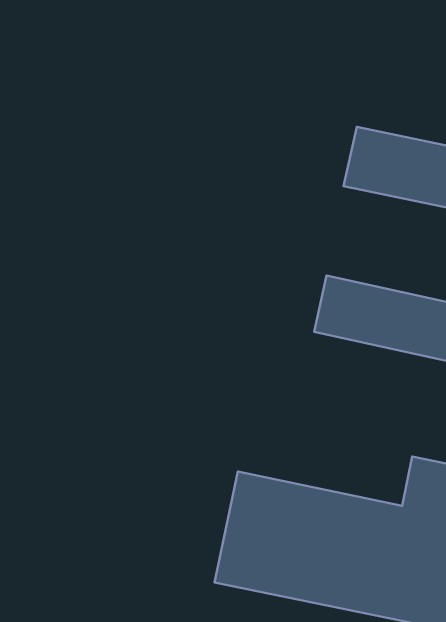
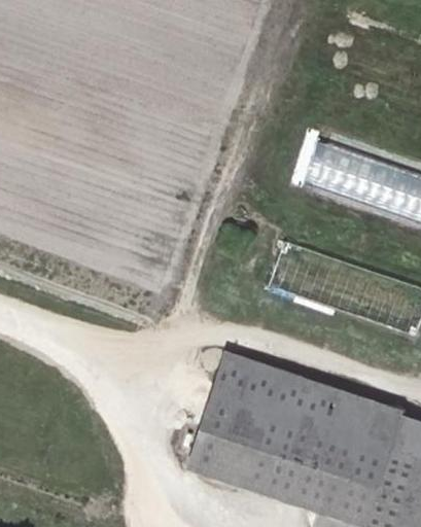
building: none -> [213,351,342,425]

